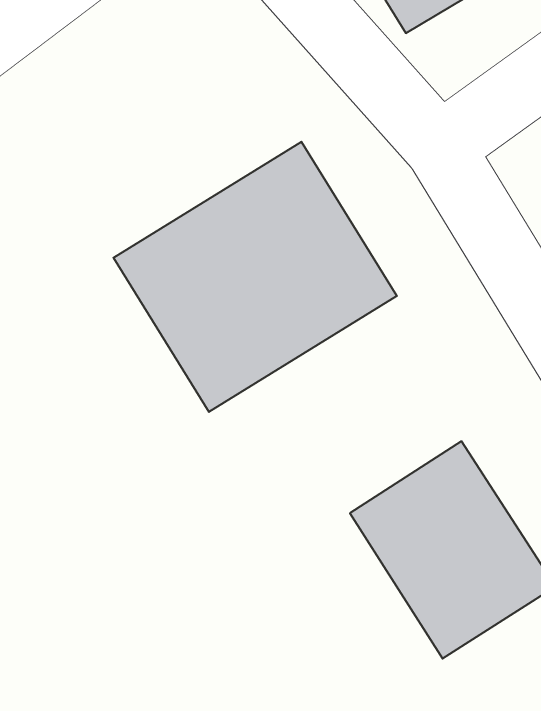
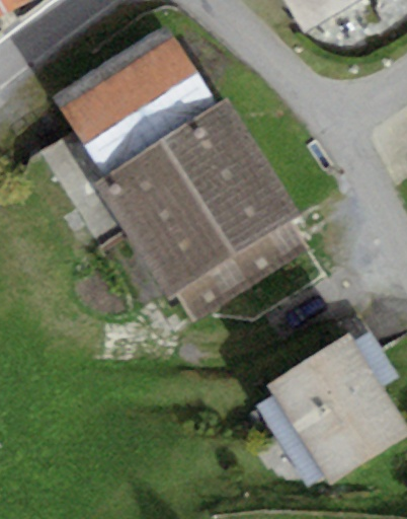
building: none -> [61,41,207,174]

